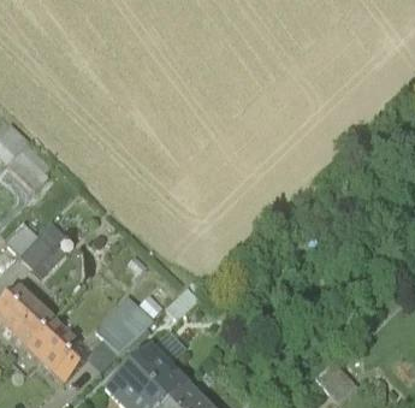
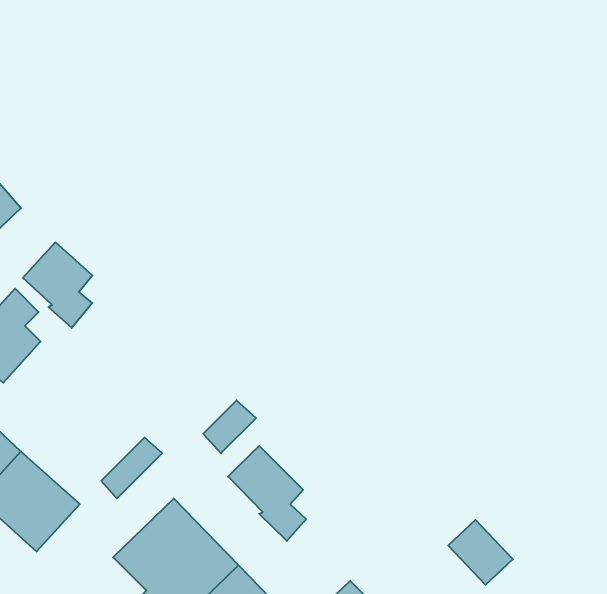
building: none -> [23,242,92,328]
building: none -> [228,446,306,541]

